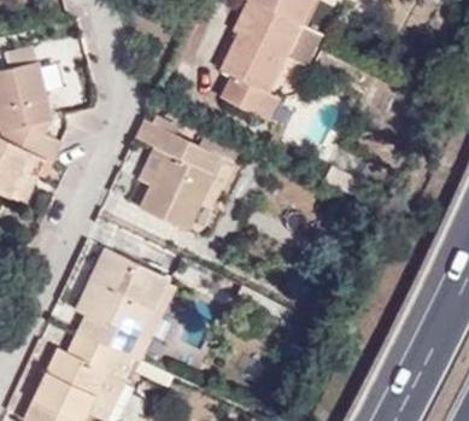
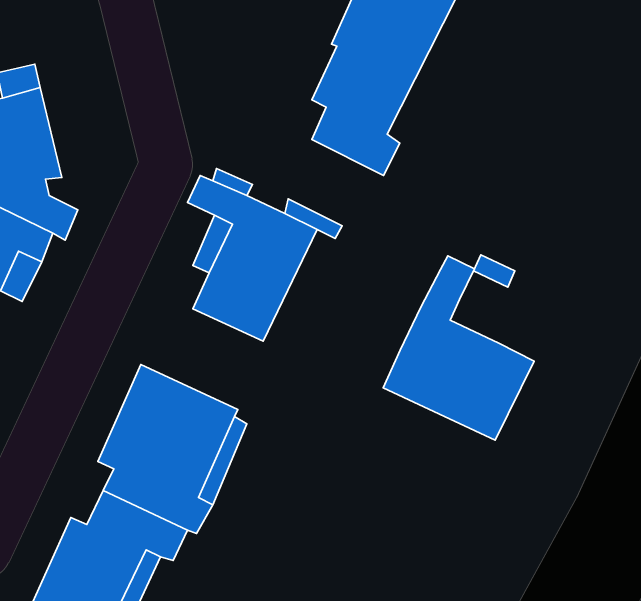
building: none -> [383,256,534,440]

